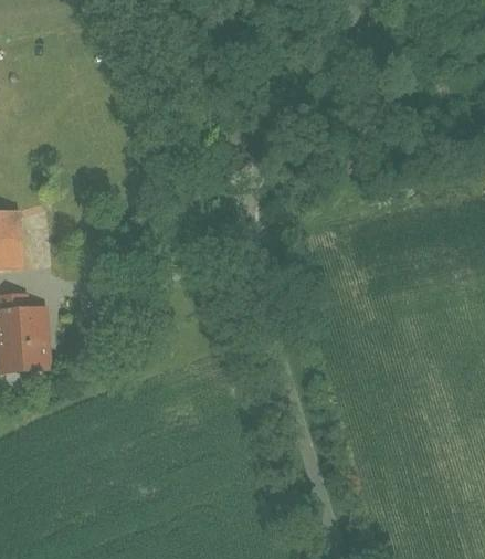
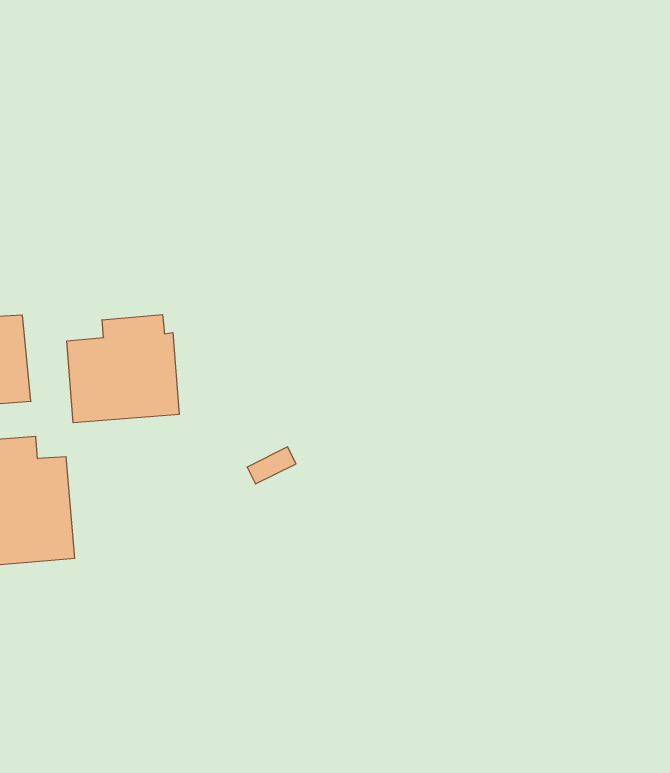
building: none -> [67,315,179,423]

